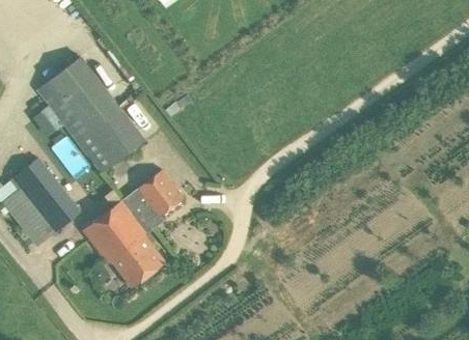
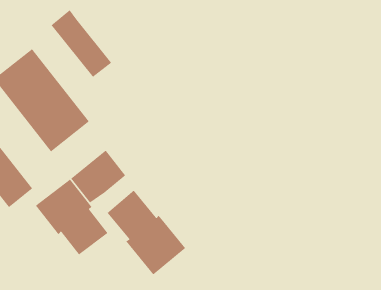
building: none -> [51,9,112,78]
building: none -> [107,190,186,276]

